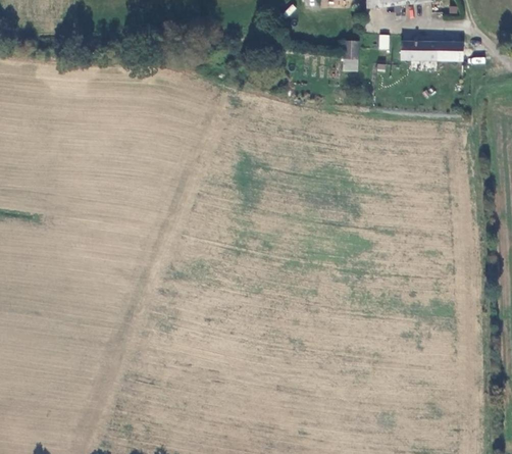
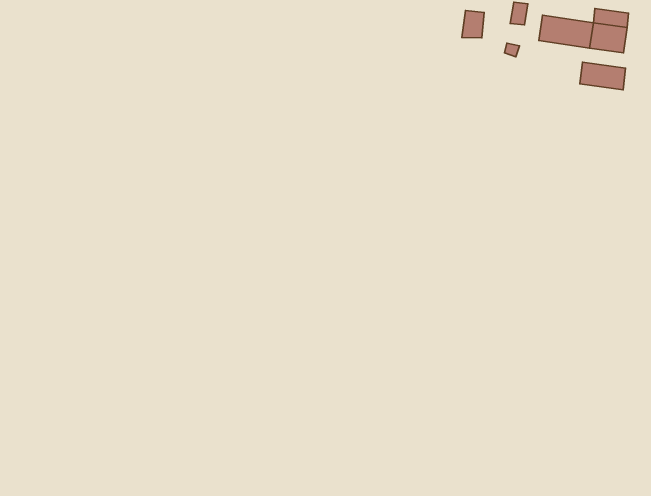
building: none -> [580,62,626,90]

